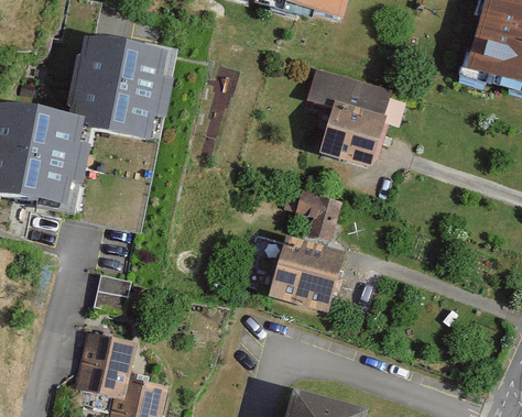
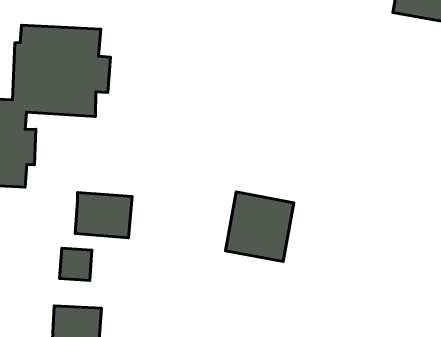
building: [308,66,390,164] -> none
building: [297,189,340,237] -> none
building: none -> [75,193,132,238]

